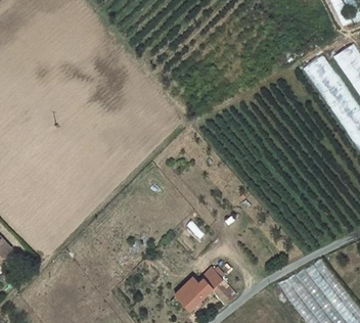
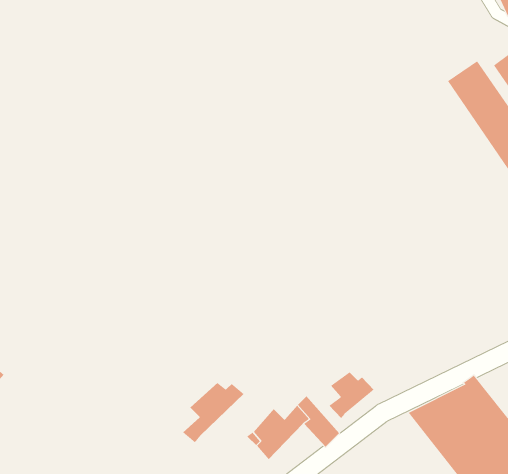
building: none -> [328,371,375,419]
building: none -> [182,382,244,443]

